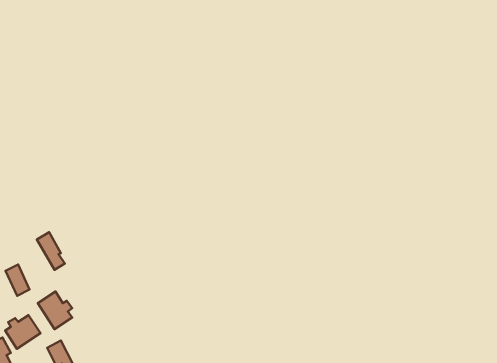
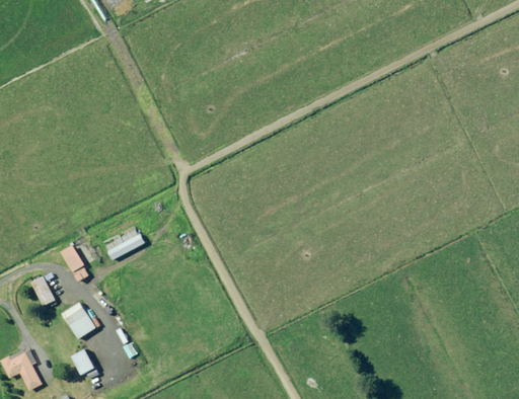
building: none -> [102,225,144,259]
building: [5,315,40,349] -> none

